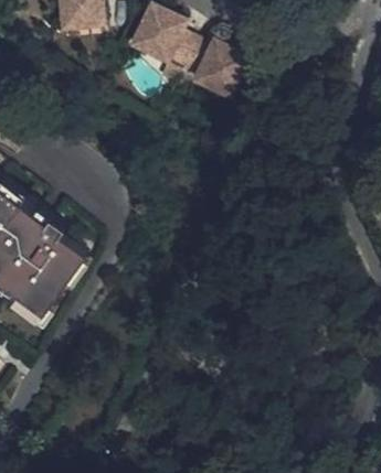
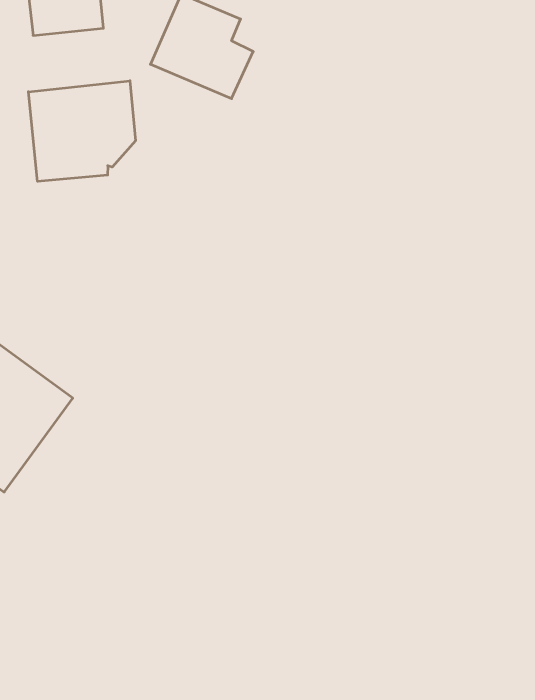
building: [181,41,250,103] -> none
building: none -> [28,81,135,181]

